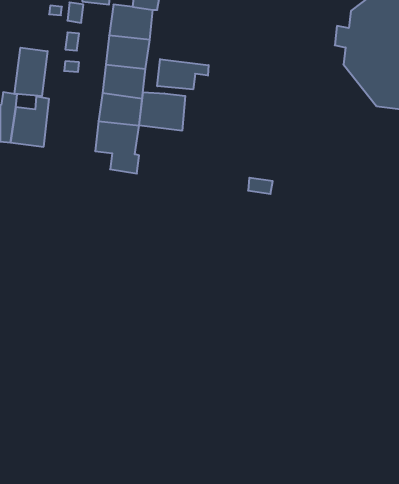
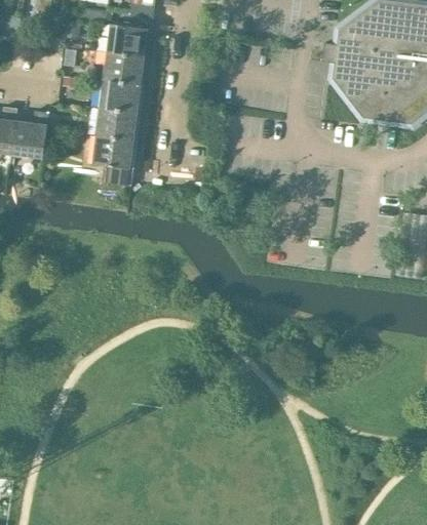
building: [14,48,48,96] -> none
building: [157,59,209,89] -> none
building: [139,92,185,131] -> none

